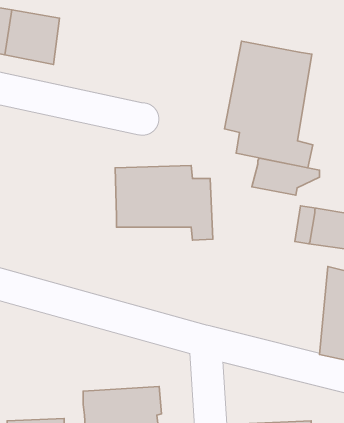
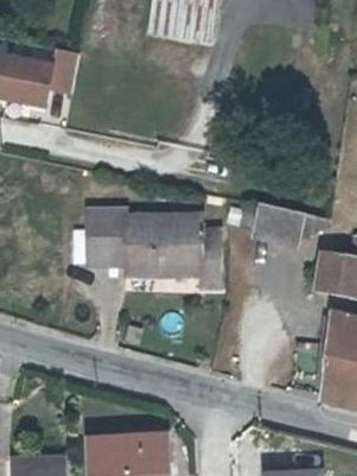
building: [224,41,313,168] -> none
building: none -> [84,209,121,264]

